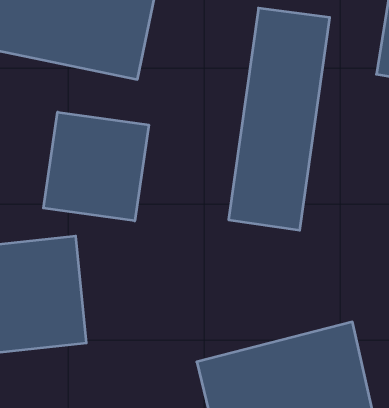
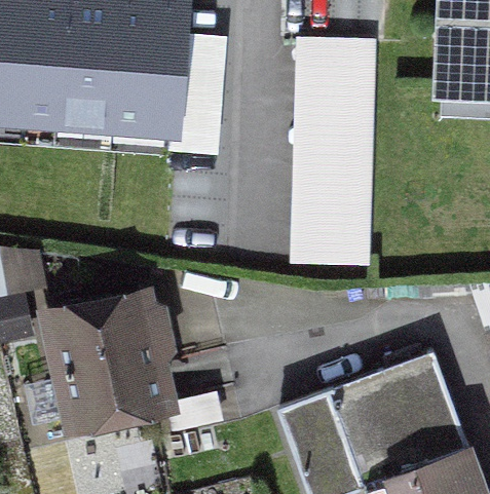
building: [43,112,149,221] -> none

